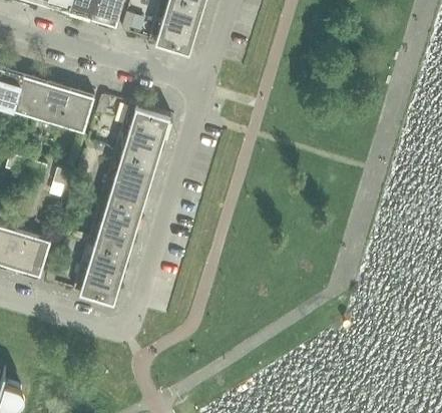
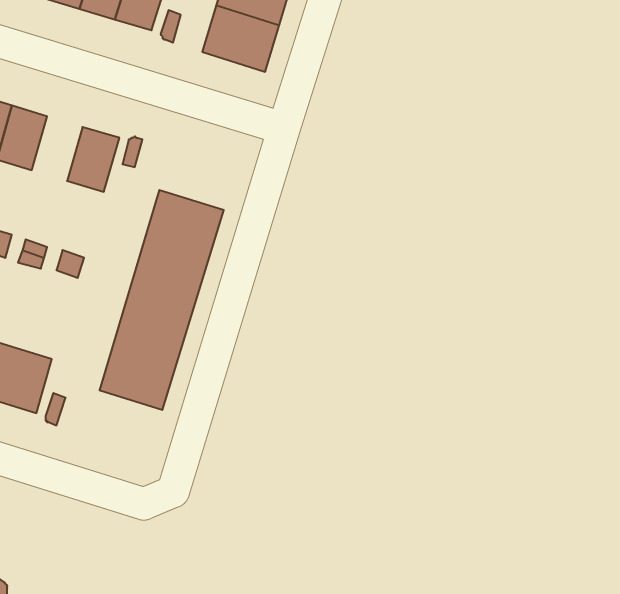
building: [37,83,70,125] -> none
building: [120,104,170,144] -> none
building: [72,262,122,303] -> none

